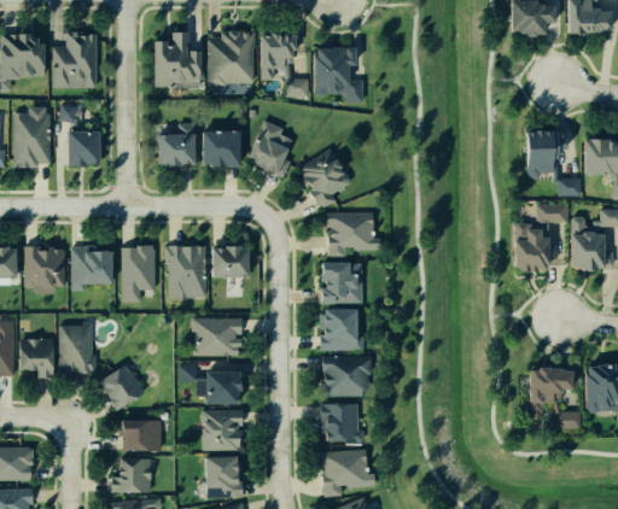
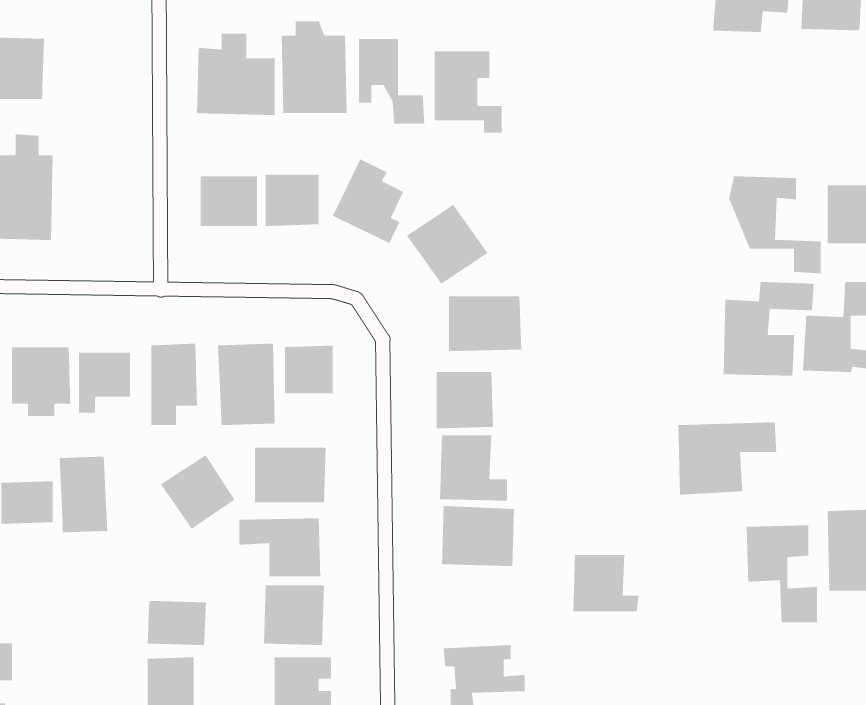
building: [54,29,101,90] -> none
building: [60,107,101,165] -> none
building: none -> [677,422,777,495]
building: [93,361,145,413] -> [160,454,236,530]
building: [321,403,367,443] -> [572,554,639,612]

